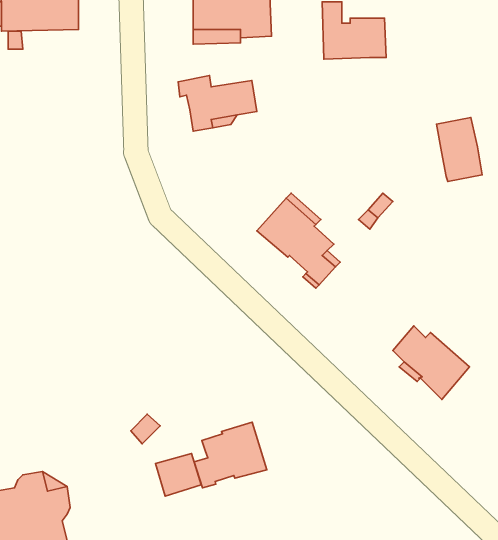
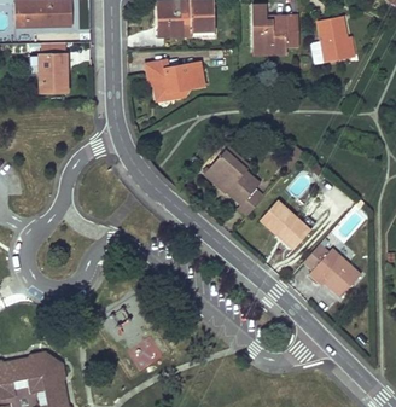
building: none -> [40,56,65,92]
building: [437,118,482,181] -> [316,16,350,63]
building: none -> [260,200,310,249]
building: [194,422,267,488] -> none

